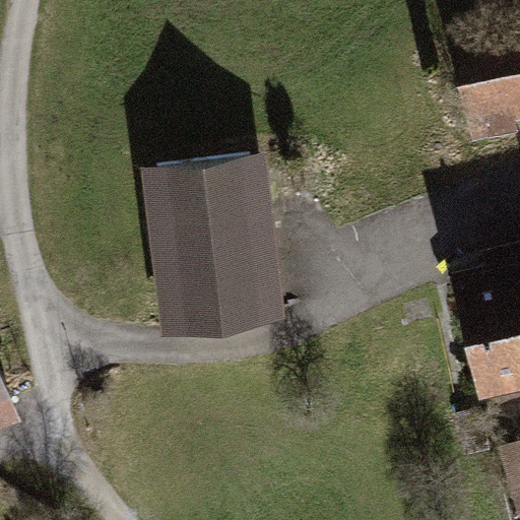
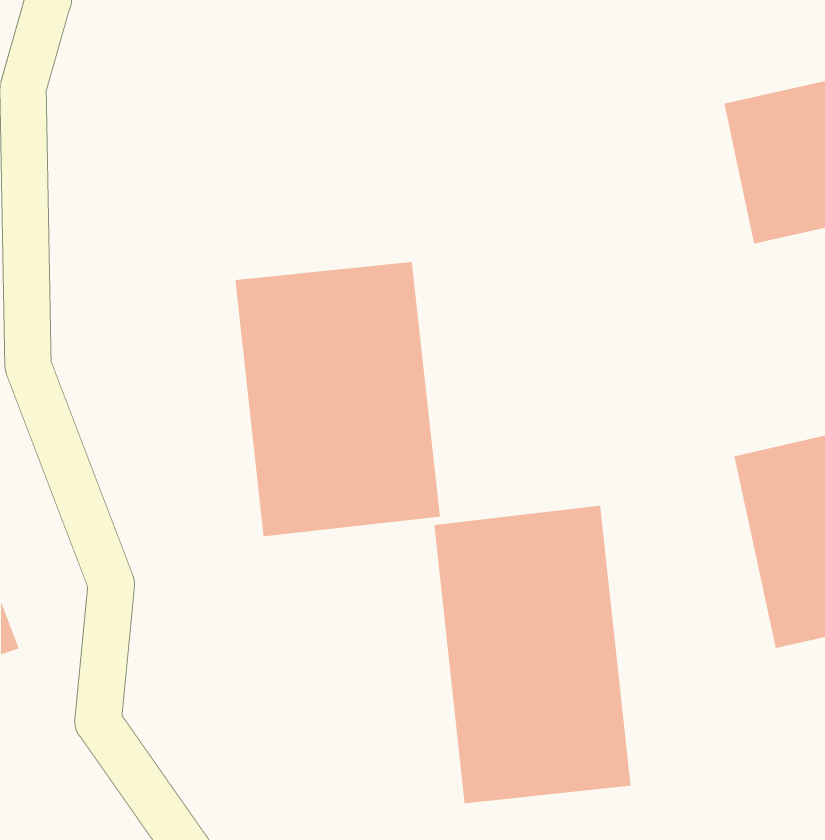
building: none -> [433,505,632,804]

